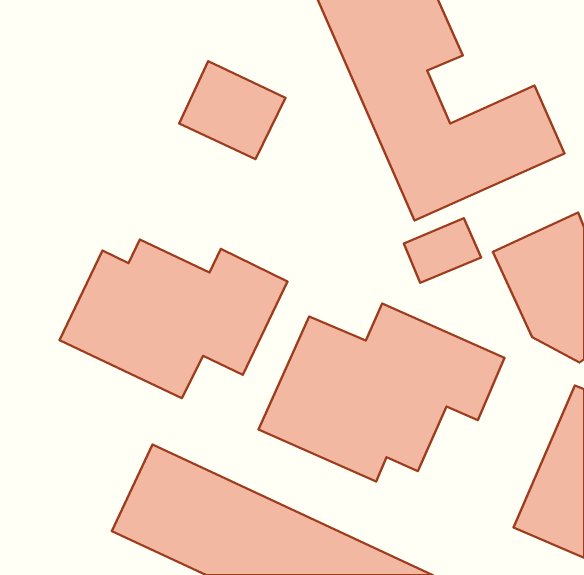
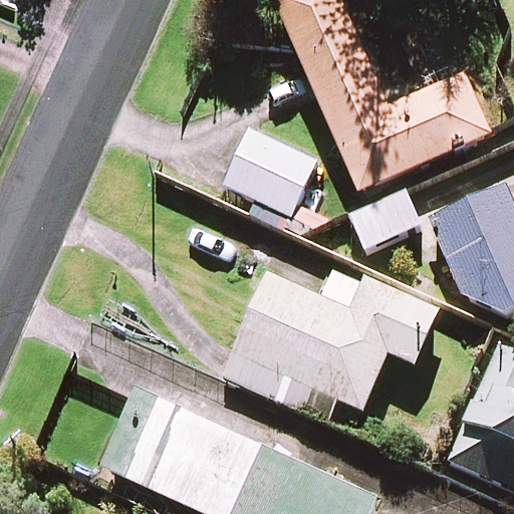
building: [179,61,285,159] -> [224,128,316,214]
building: [59,239,287,398] -> none

